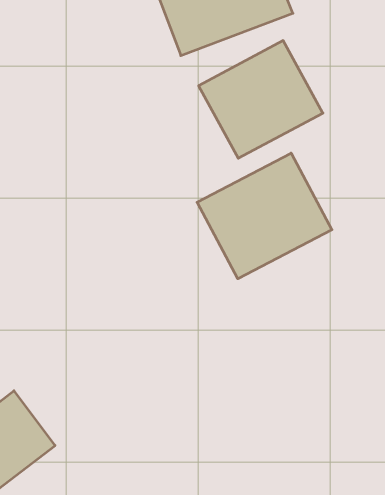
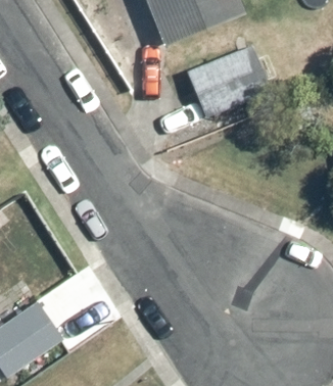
building: [197,153,332,279] -> none

